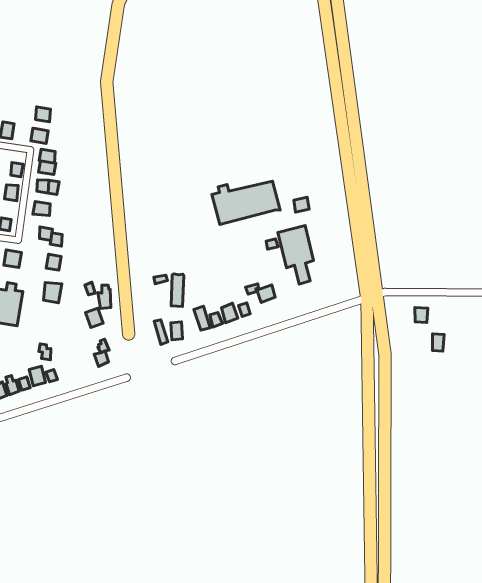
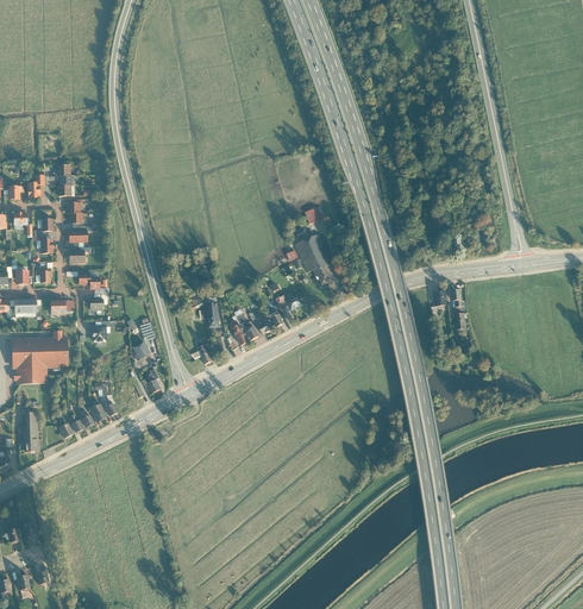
building: [212,181,280,225] -> none

